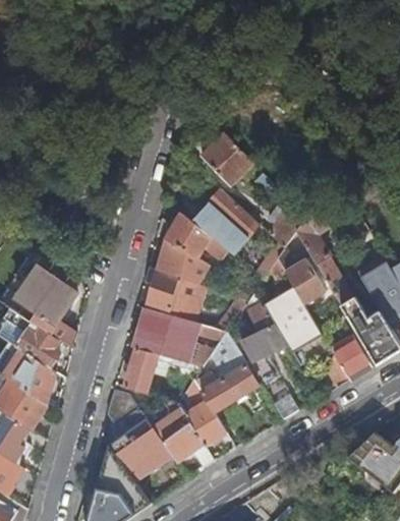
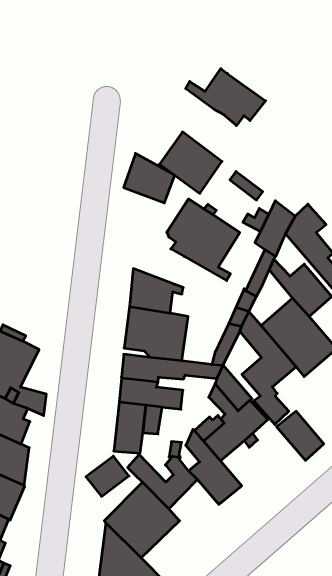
building: none -> [186,69,266,126]
building: [165,214,209,258] -> [124,153,175,203]
building: [162,422,213,469] -> none

